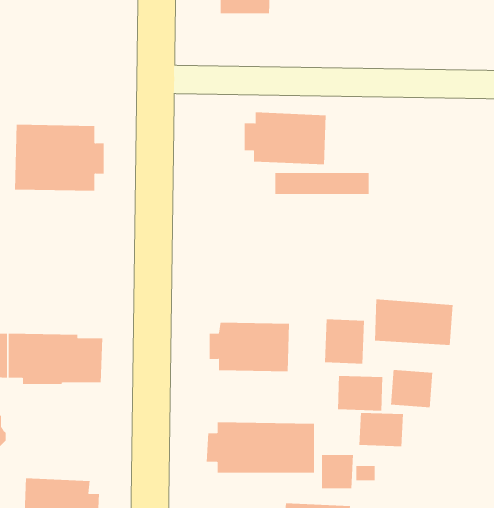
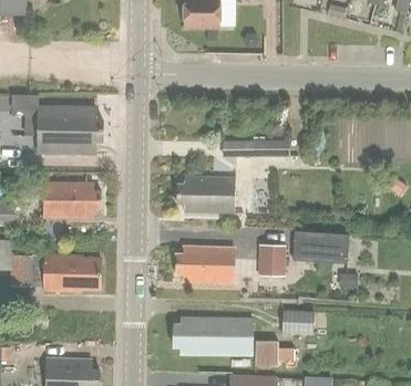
building: [244,112,327,165] -> [176,176,235,213]
building: none -> [41,181,100,218]
building: [391,369,433,408] -> none
building: [338,375,383,411] -> none

